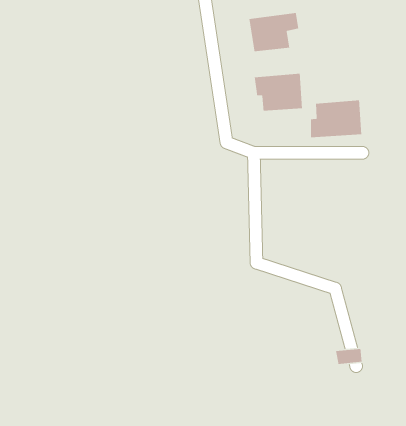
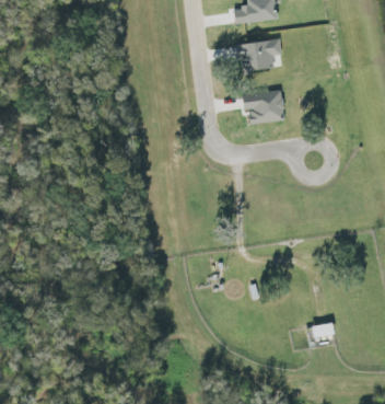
building: [310,100,362,138] -> none

